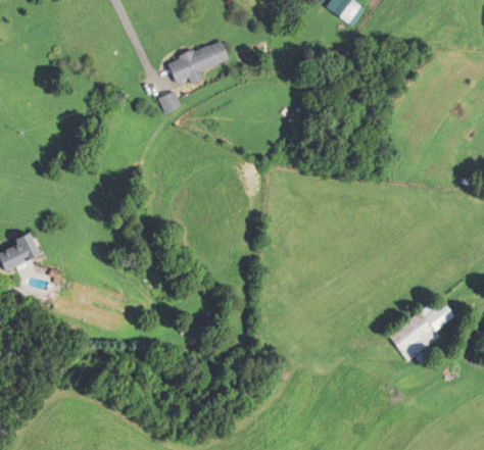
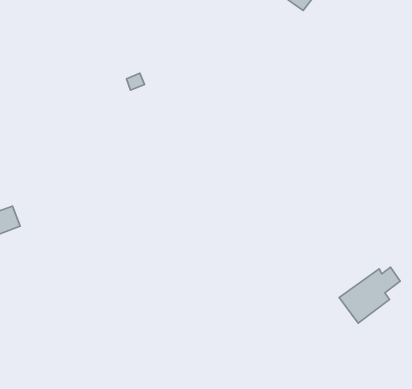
building: [168,40,232,84] -> none

